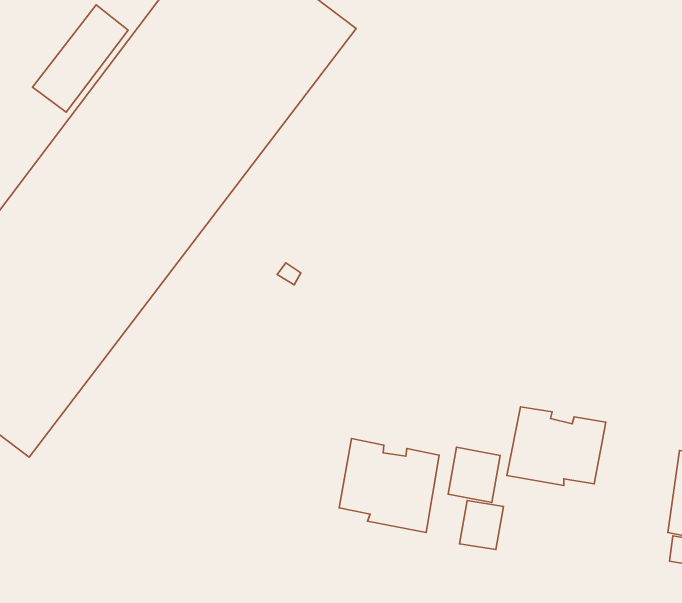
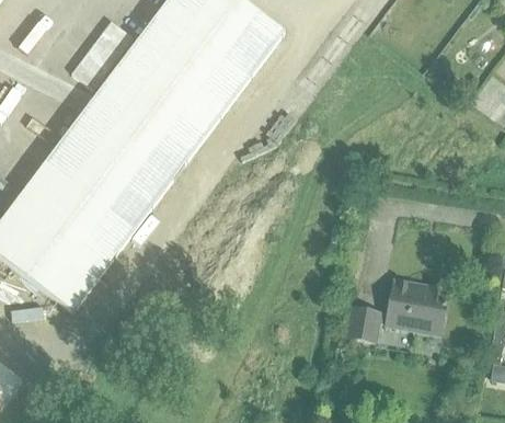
building: [339,438,439,532] -> none
building: [460,501,503,550] -> none

